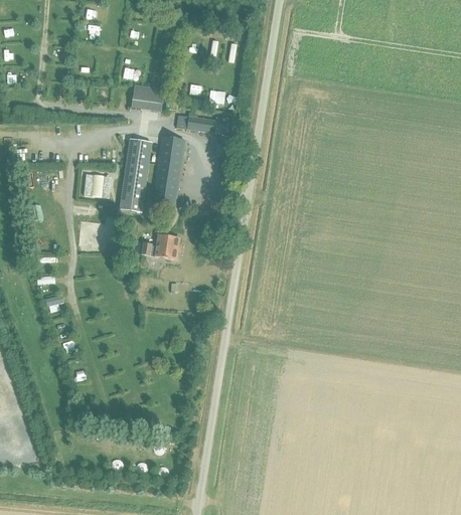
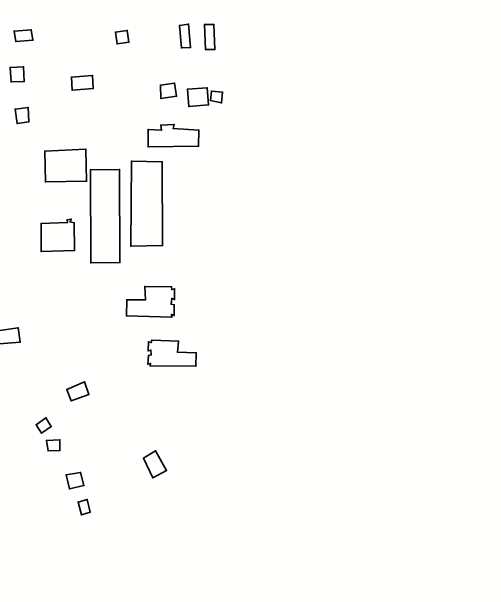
building: [131,84,165,112] -> [45,149,86,182]
building: none -> [148,340,196,366]

